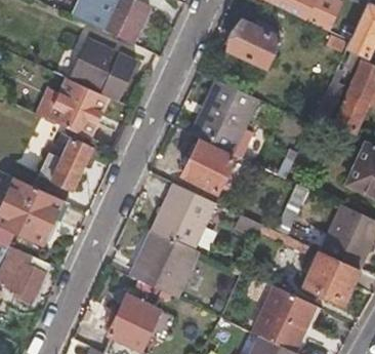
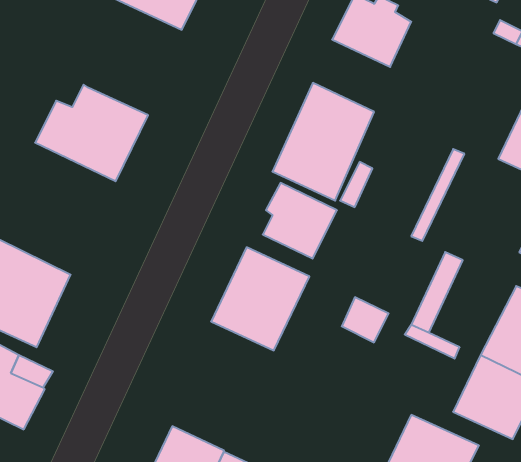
building: [73,42,137,102] -> none
building: [38,141,89,191] -> none
building: [128,229,196,297] -> none

